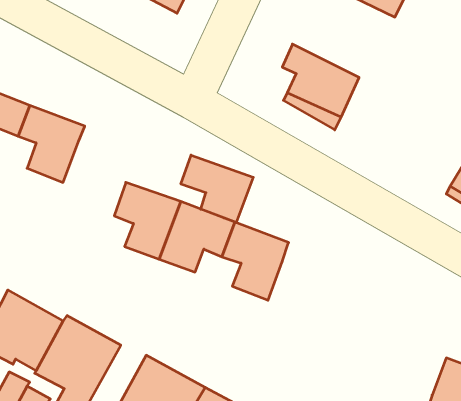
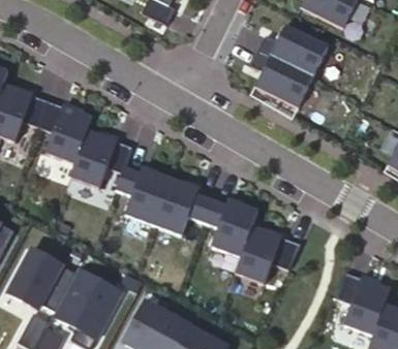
building: none -> [259,27,327,76]
building: none -> [70,128,131,185]
building: [181,155,253,223] -> none
building: none -> [234,225,301,283]
building: none -> [333,269,390,332]

